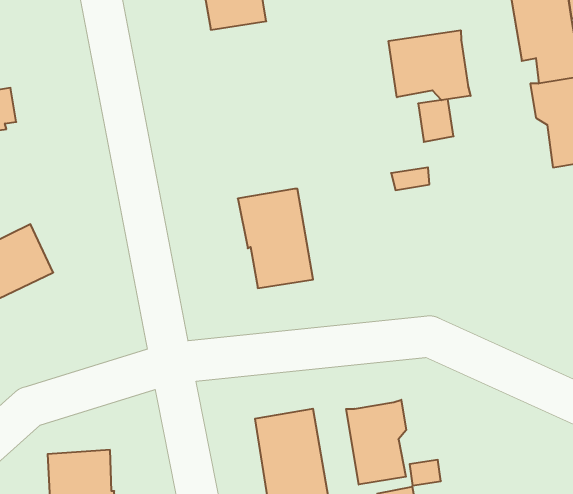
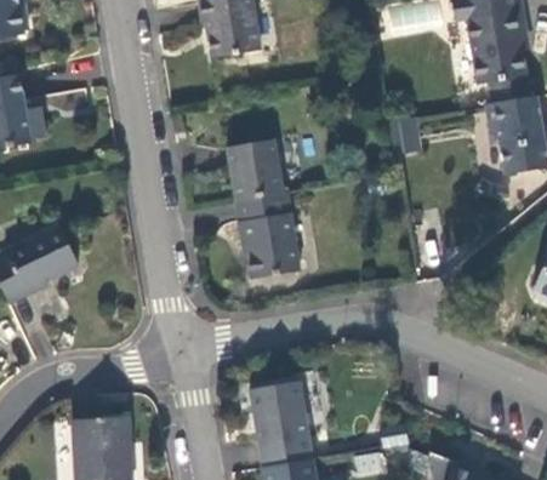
building: [389,30,471,100] -> none
building: none -> [227,141,284,202]
building: [346,400,406,485] -> none

